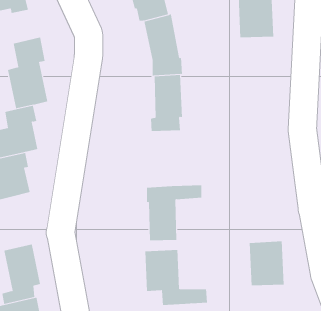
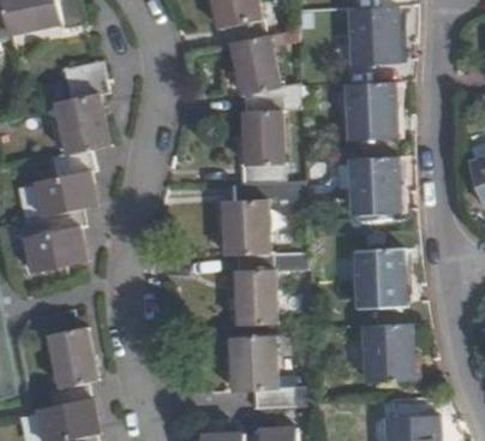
building: none -> [348,83,396,139]
building: none -> [352,156,397,213]
building: none -> [223,181,304,256]
building: none -> [355,250,402,309]

